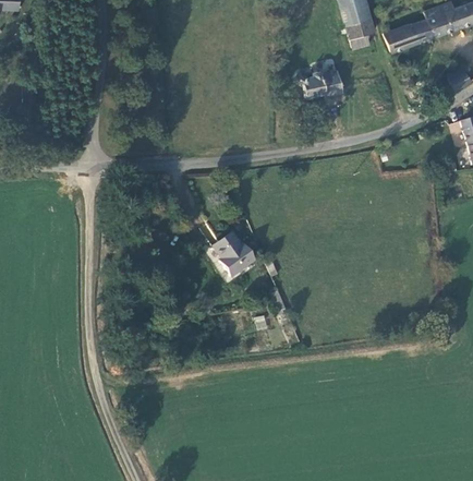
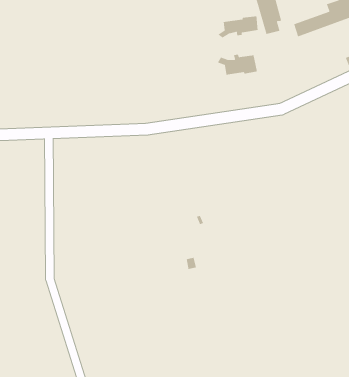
building: none -> [217,16,258,38]
building: [215,235,255,277] -> none

